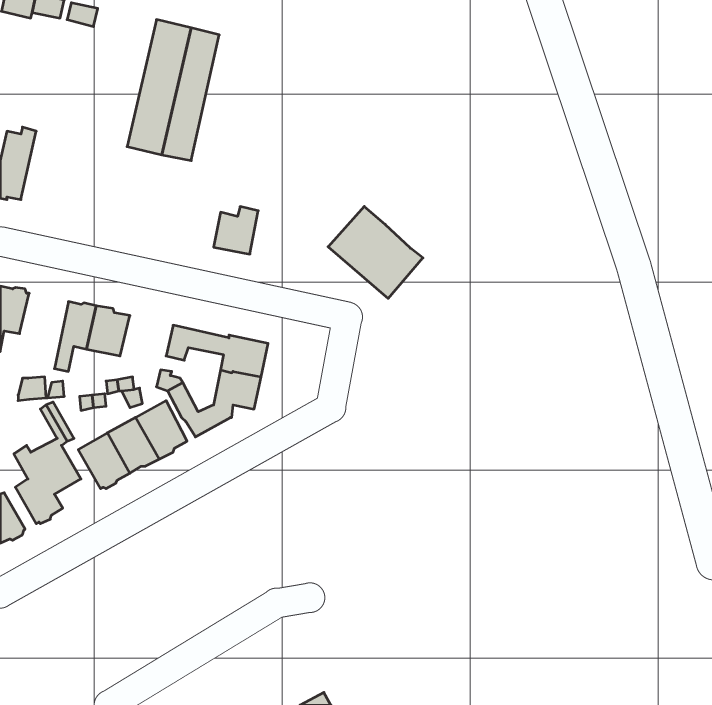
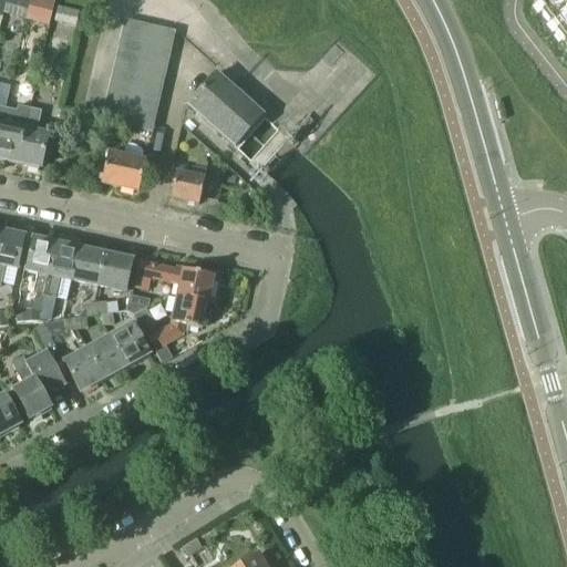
building: none -> [18,104,49,166]
building: none -> [101,151,145,188]
building: [328,206,423,298] -> [187,70,262,143]
building: none -> [25,233,55,292]
building: none -> [96,250,132,289]

